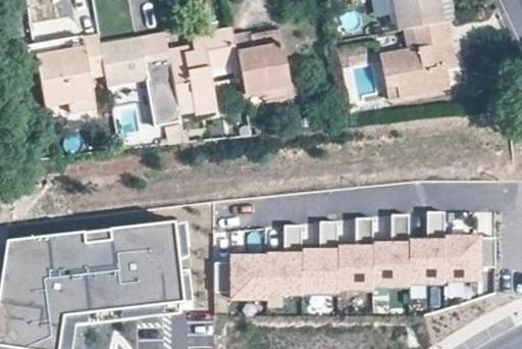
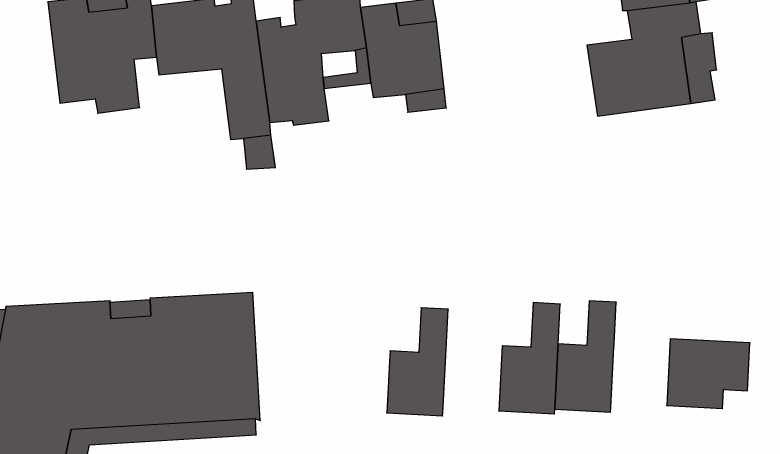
building: [407,213,442,284] -> none
building: [300,222,335,293] -> none
building: [213,258,264,300] -> none

